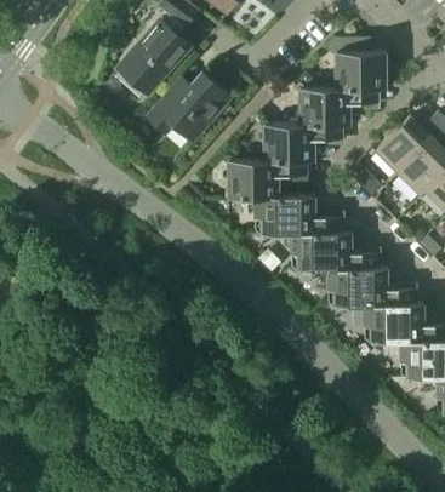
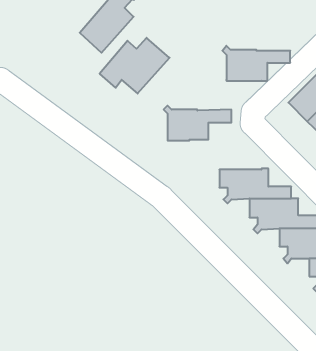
building: [325,38,386,88] -> none
building: [258,119,342,161] -> none
building: [255,196,342,239] -> none

